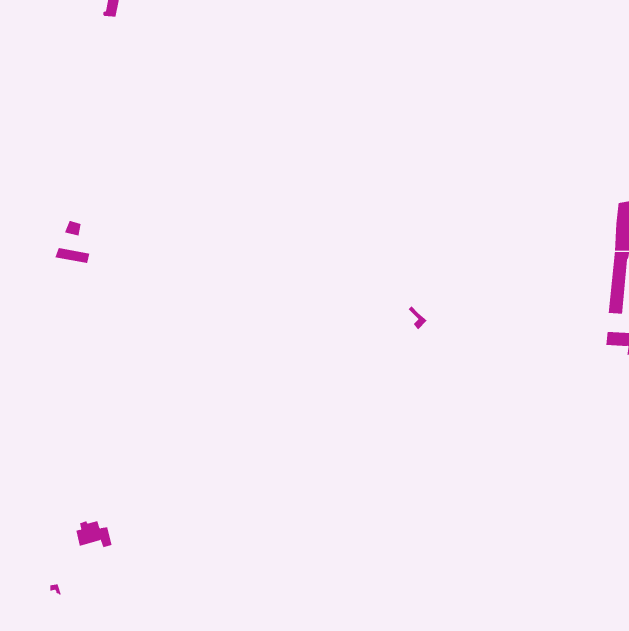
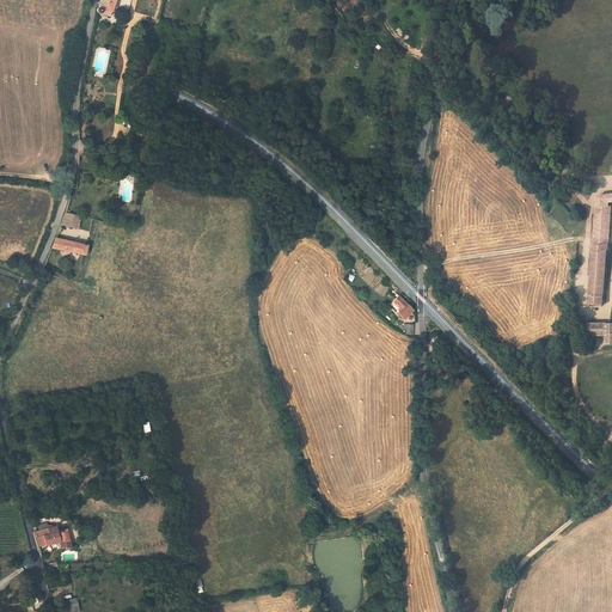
building: [76,521,113,548] -> [36,524,72,550]

